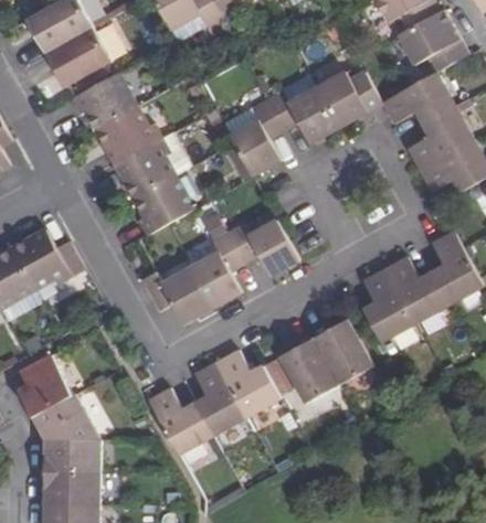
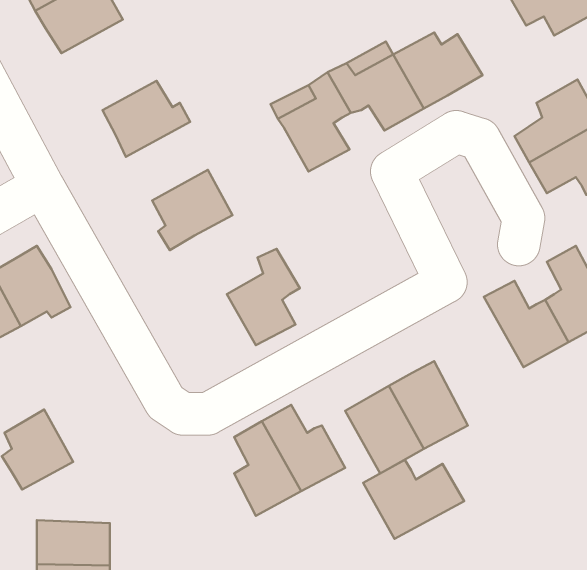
building: [70,72,136,128] -> none
building: [382,72,454,124] -> none
building: [113,137,175,196] -> none
building: [226,218,296,274] -> none
building: [140,267,211,322] -> none
building: [362,269,413,341] -> none
building: [148,388,211,453] -> none
building: [34,392,101,440] -> none
building: none -> [363,460,464,539]

